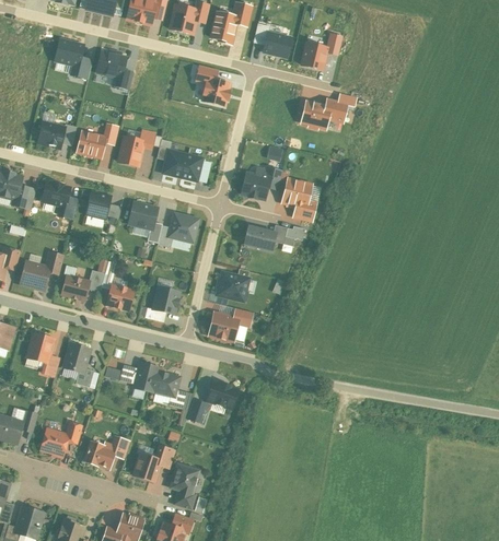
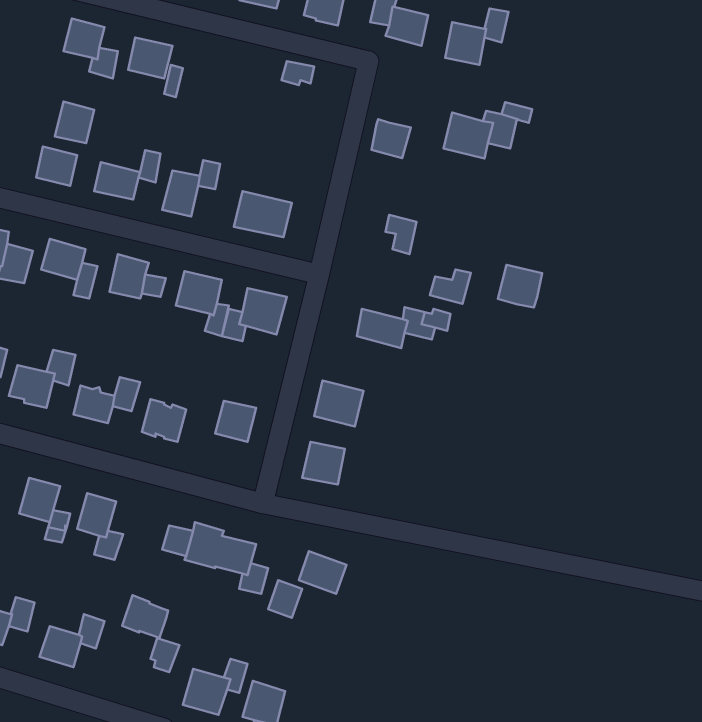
building: [204,79,229,104] -> [371,119,411,158]
building: none -> [55,102,94,143]
building: [241,173,269,198] -> none
building: [282,179,311,207] -> [498,265,542,307]
building: [85,440,115,468] -> [122,595,168,638]

